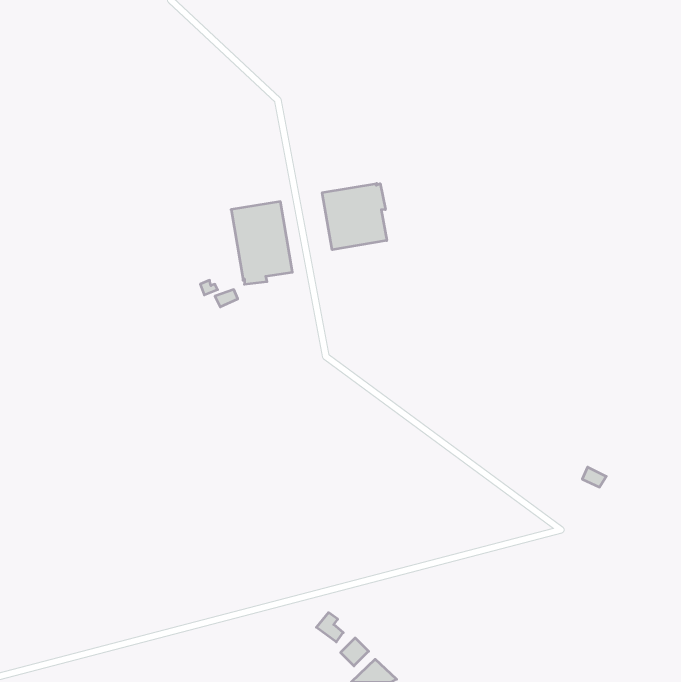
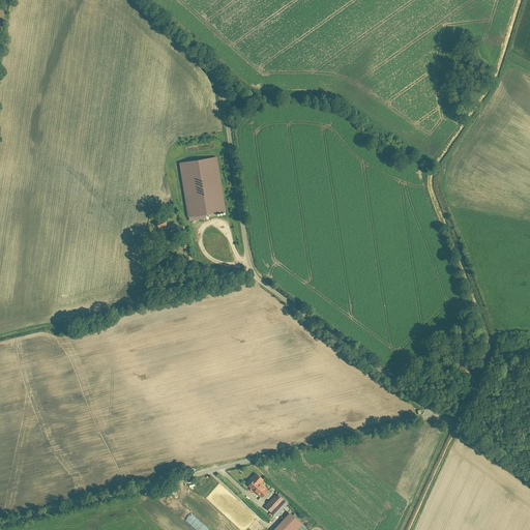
building: [322,183,387,250] -> none

